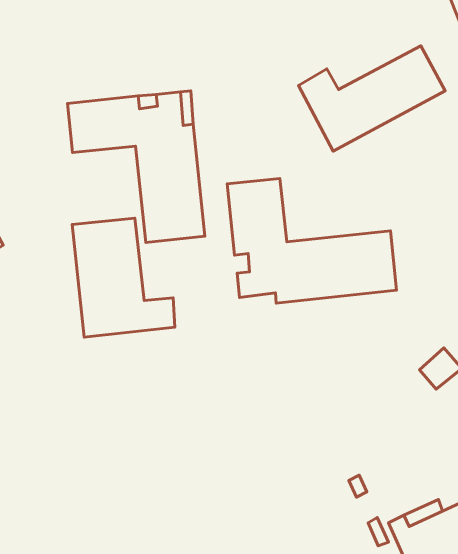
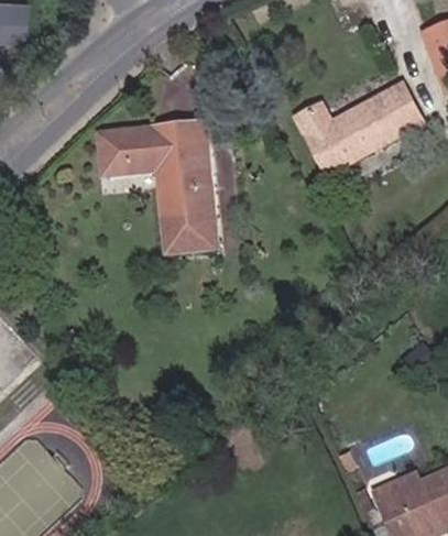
building: [227,178,397,303] -> none
building: [72,218,175,337] -> none

